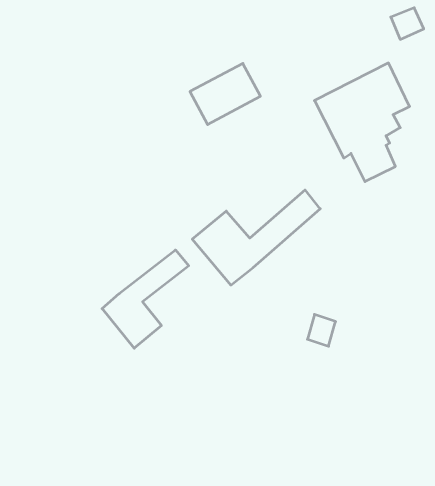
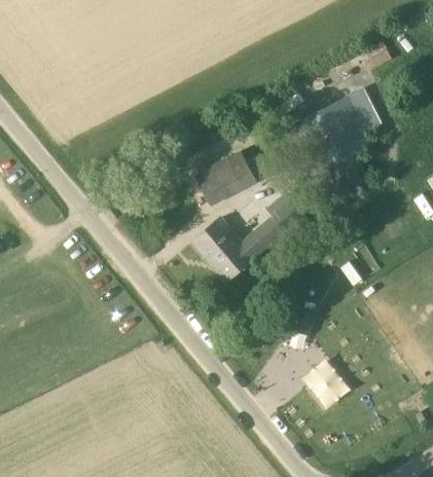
building: [190,63,260,125] -> [193,150,255,204]
building: [102,250,189,348] -> none

